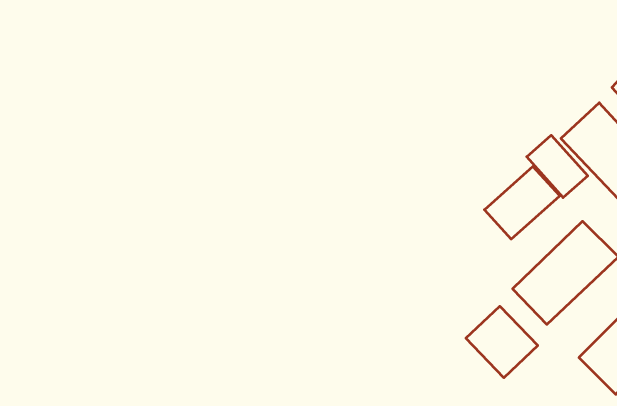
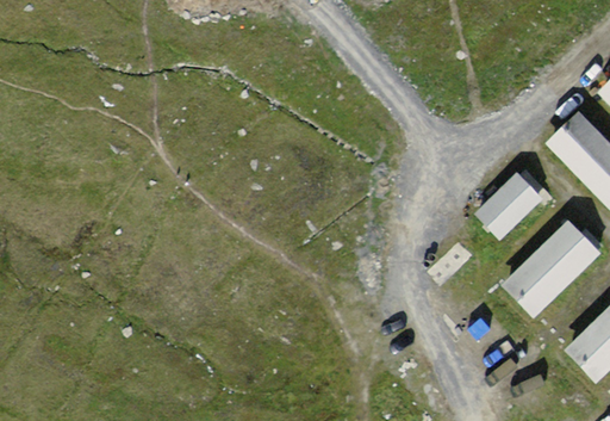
building: [527,135,588,198] -> none
building: [466,306,538,378] -> none

